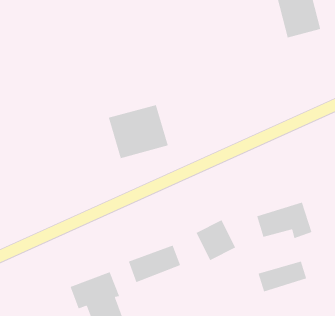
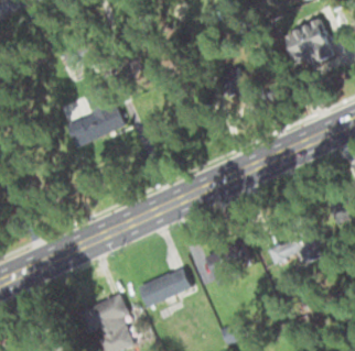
building: [108,104,169,159] -> [60,88,120,143]
building: [257,260,307,292] -> none

